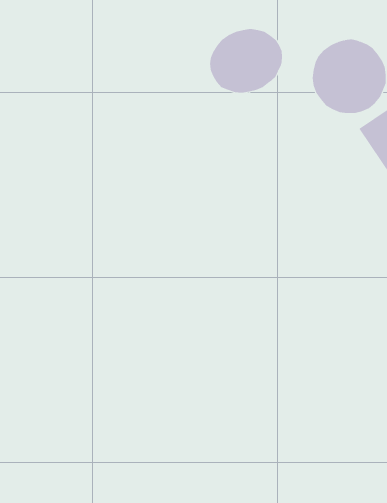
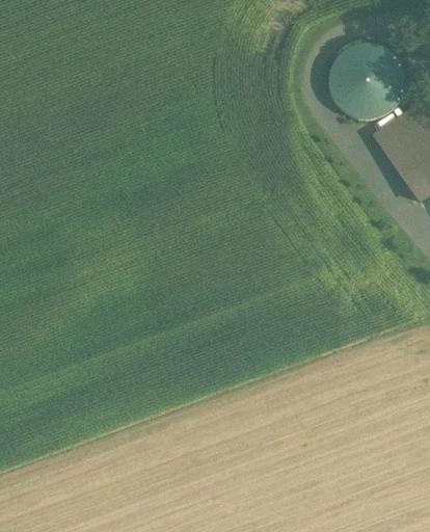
building: [210,28,283,93] -> none

